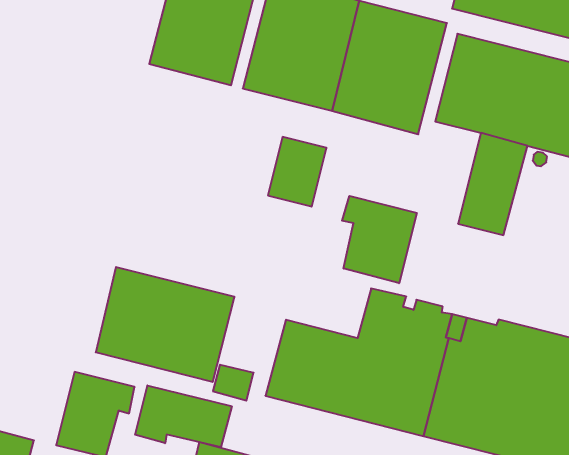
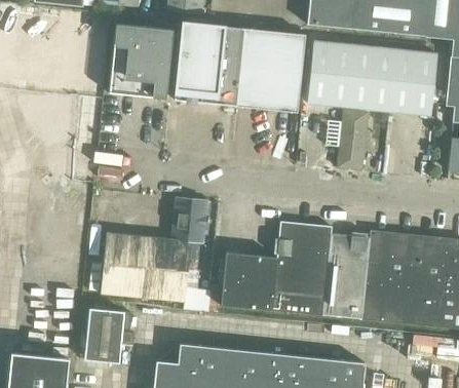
building: [268,137,327,207] -> [165,197,200,241]
building: [342,196,417,283] -> none
building: [135,385,232,447] -> none

